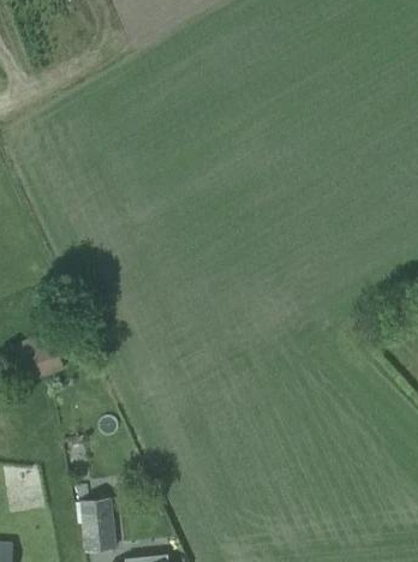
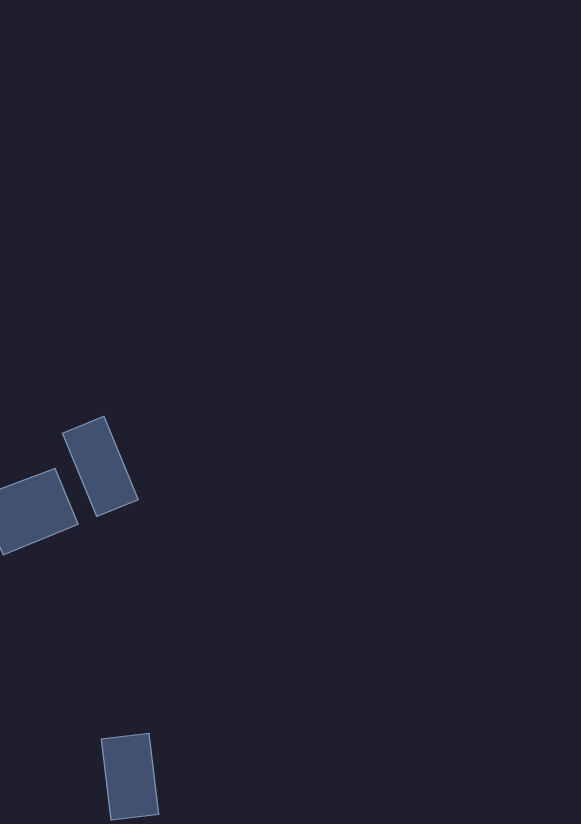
building: none -> [63,416,138,517]

